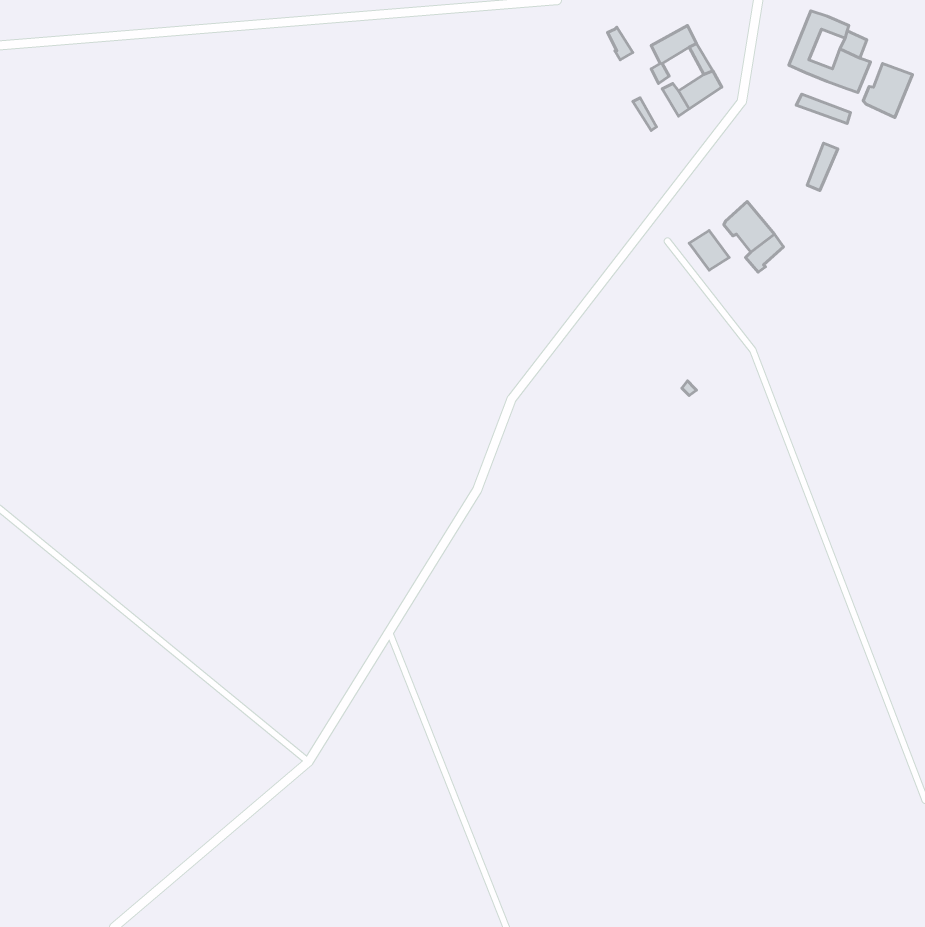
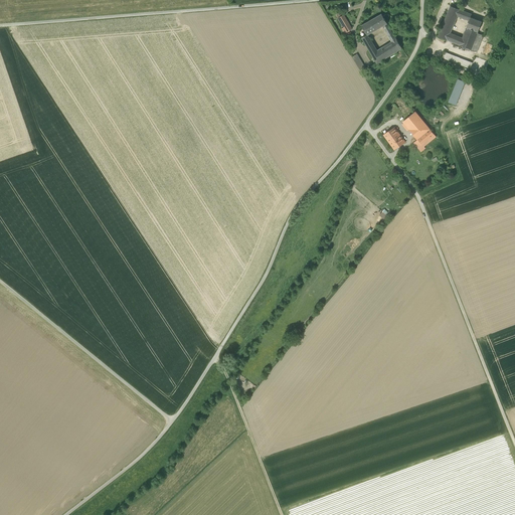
building: [863,63,913,117] -> none

